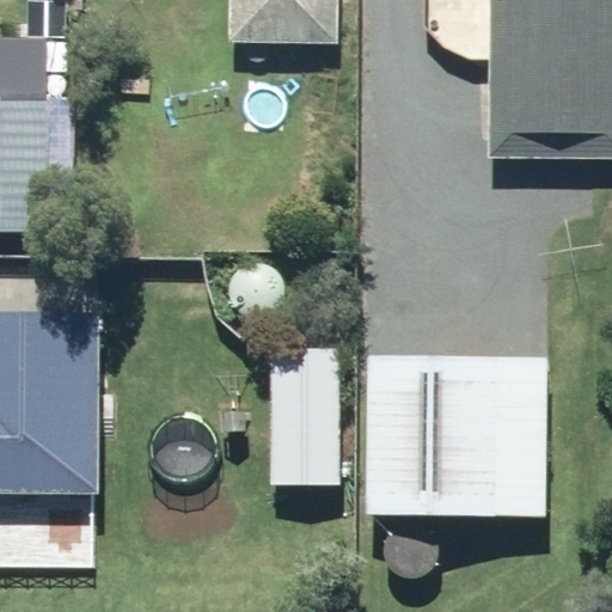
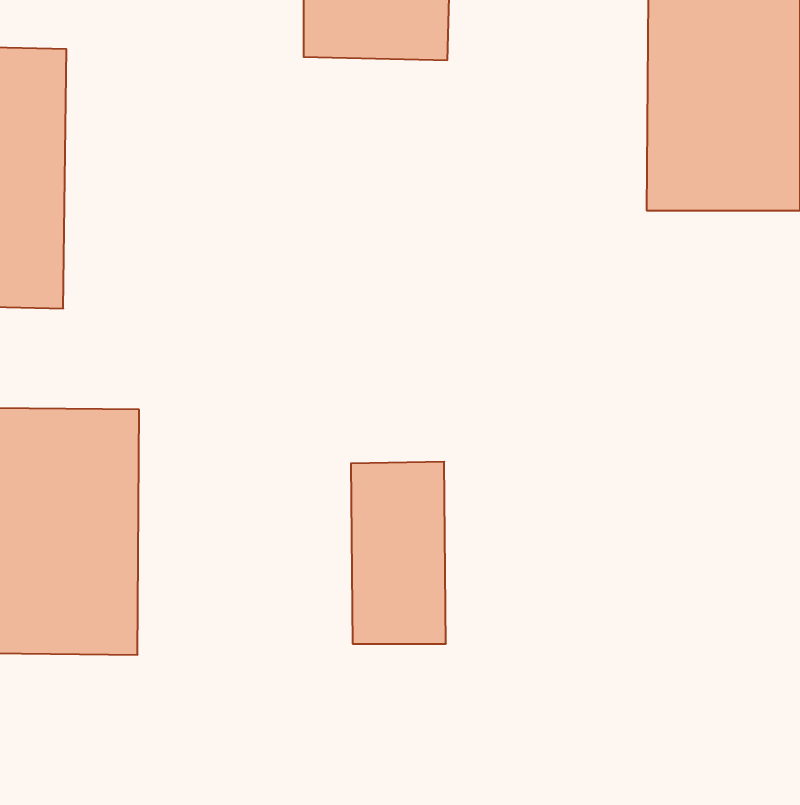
building: [369,355,550,515] -> none

